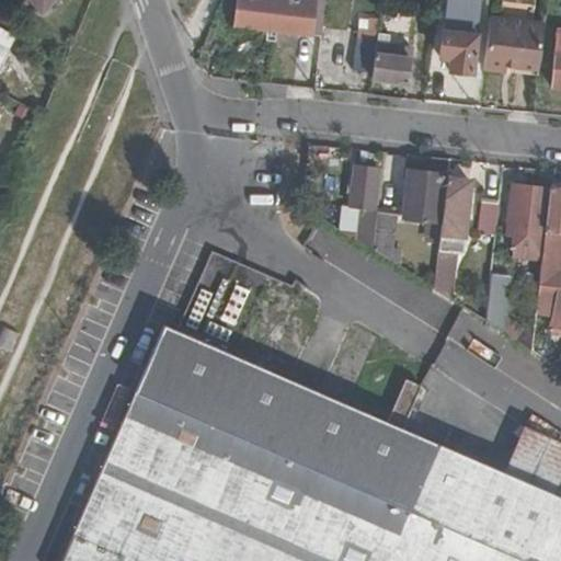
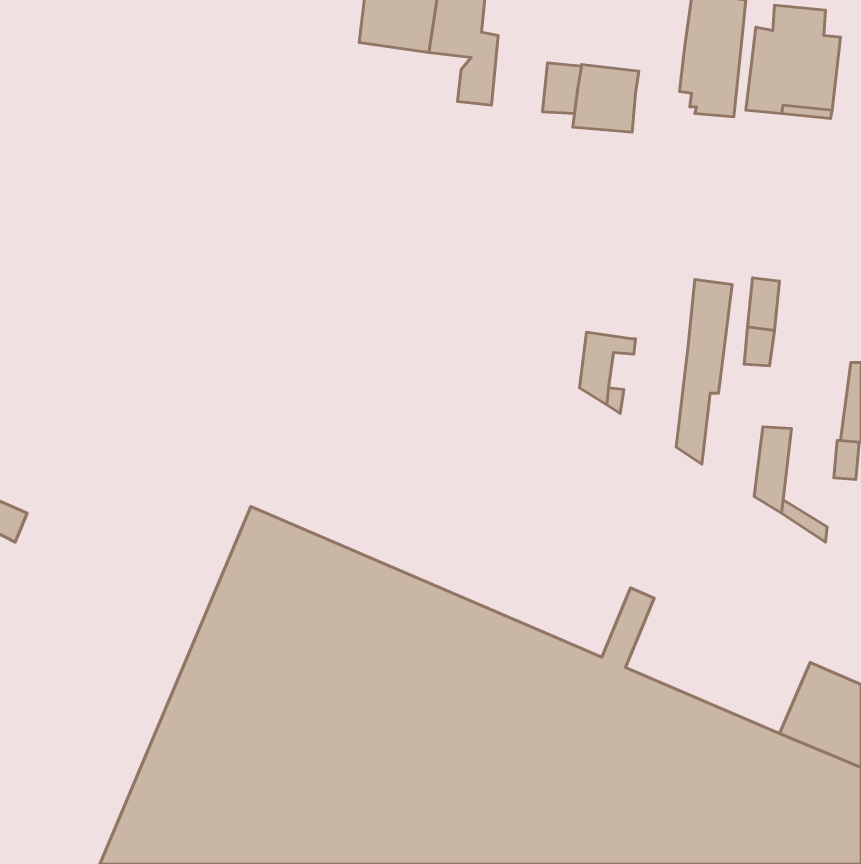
building: [353,168,385,251] -> none
building: [409,172,449,224] -> none
building: [510,188,552,261] -> none

